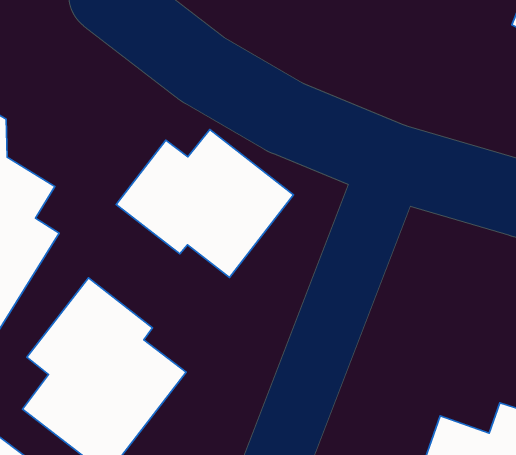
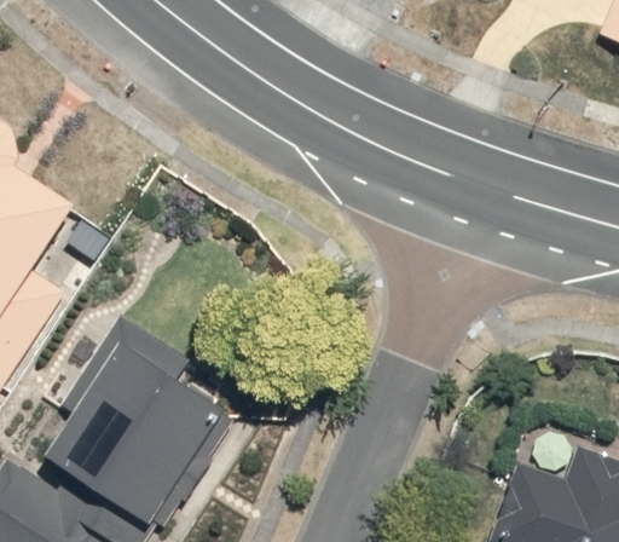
building: [116,130,293,277] -> none

